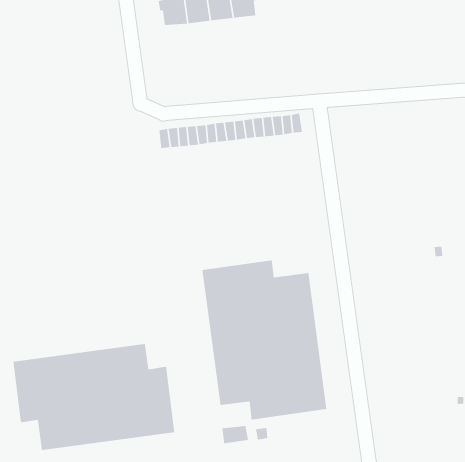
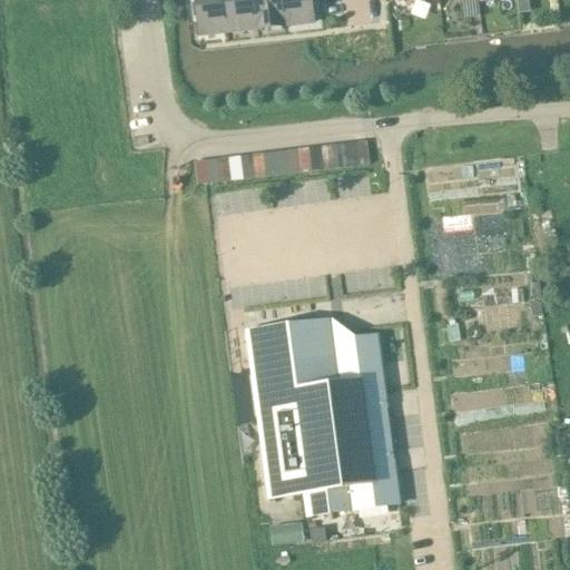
building: [13,343,175,451] -> none

